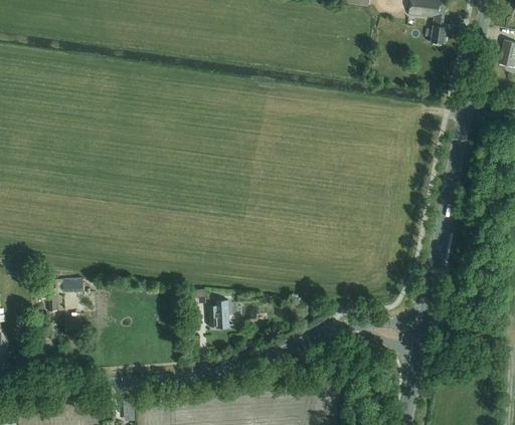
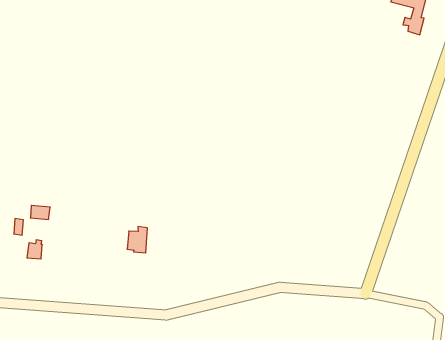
building: [208,300,229,328] -> [127,227,147,253]

